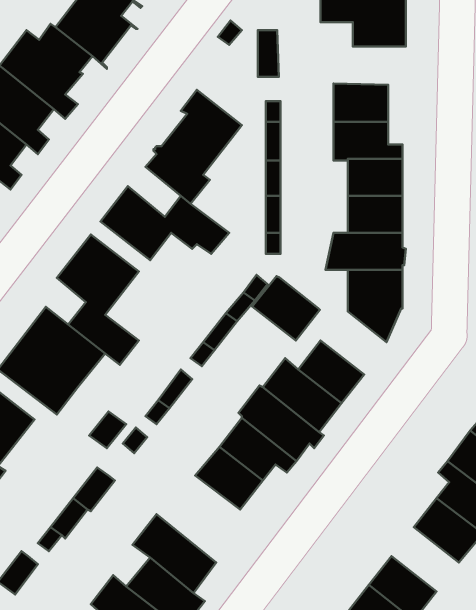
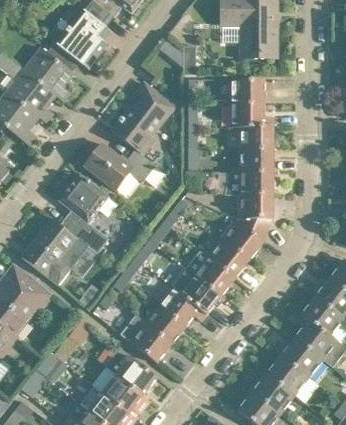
building: [252,276,320,340] -> [222,220,264,260]
building: none -> [120,315,172,363]
building: none -> [266,355,308,395]

